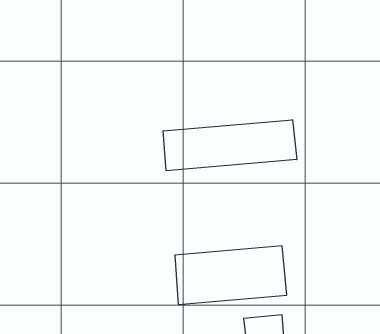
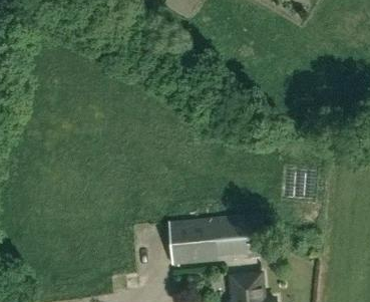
building: [163,120,297,171] -> none

